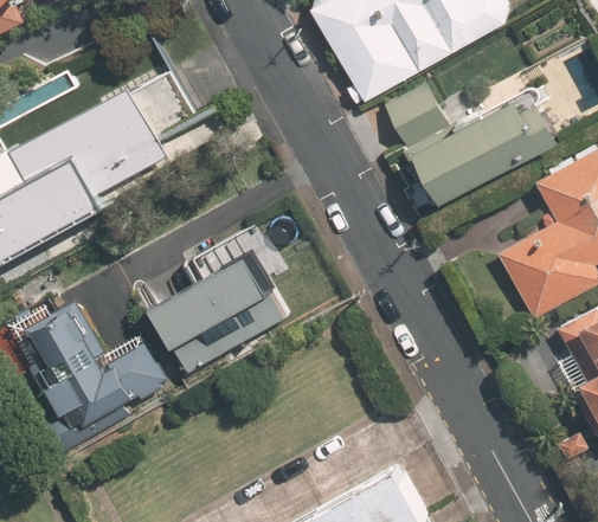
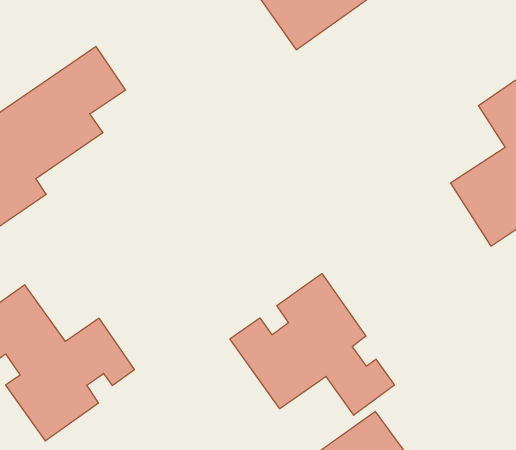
building: [384,84,559,205] -> none
building: [148,252,287,376] -> none
building: none -> [230,274,394,415]

